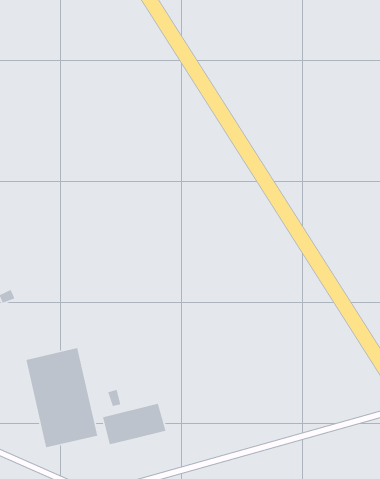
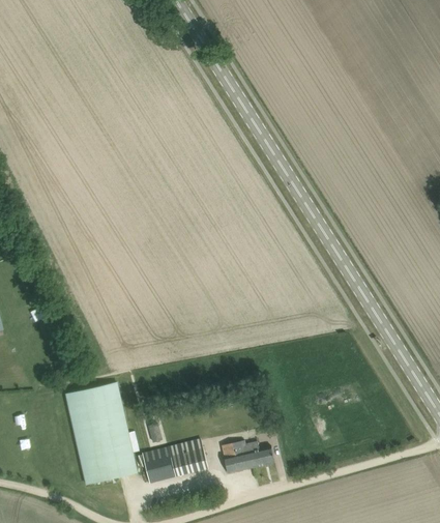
building: none -> [222,440,274,473]

